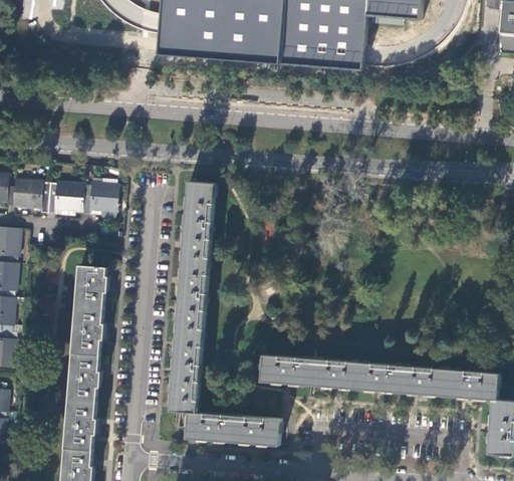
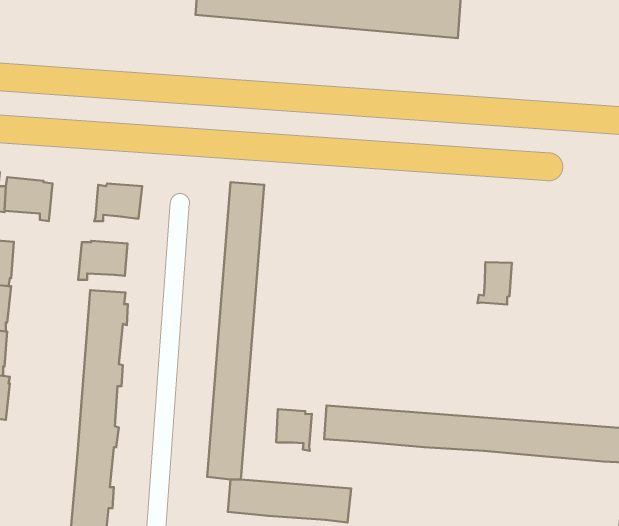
building: [46,182,84,212] -> [78,241,127,280]
building: none -> [478,262,512,304]
building: none -> [276,409,312,451]

